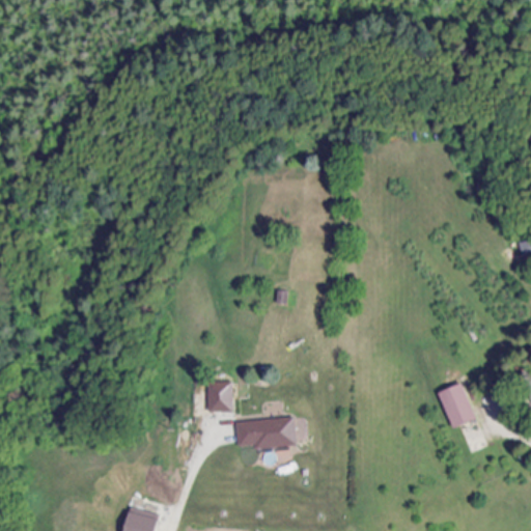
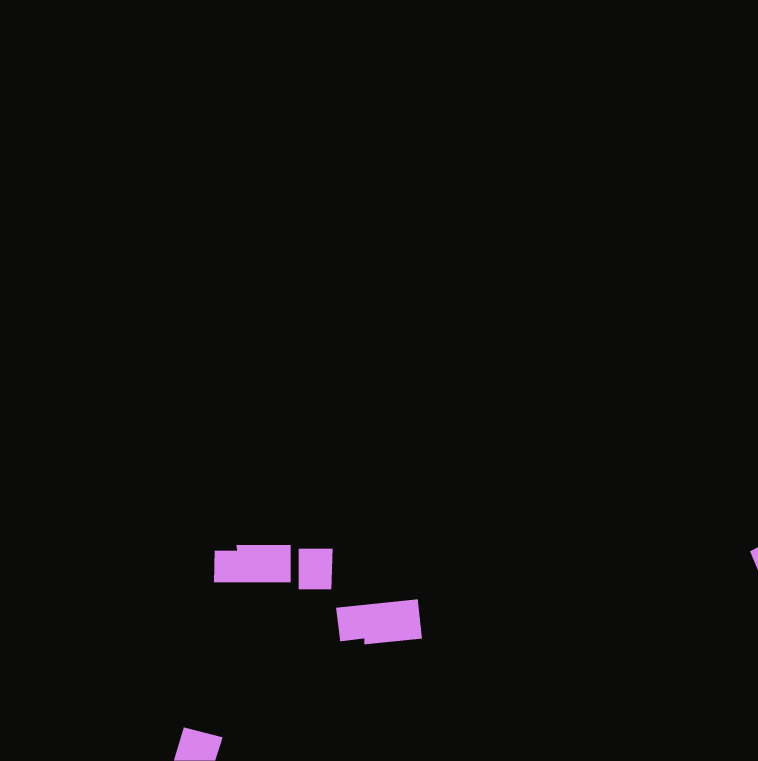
building: none -> [214,544,291,583]
building: [439,384,476,428] -> none

